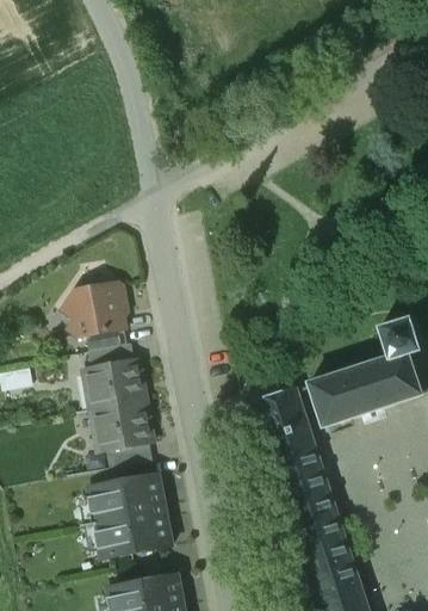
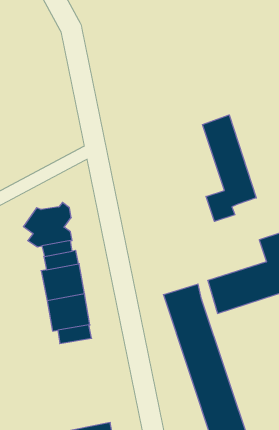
building: none -> [203,115,256,221]
building: [87,473,172,558] -> none

